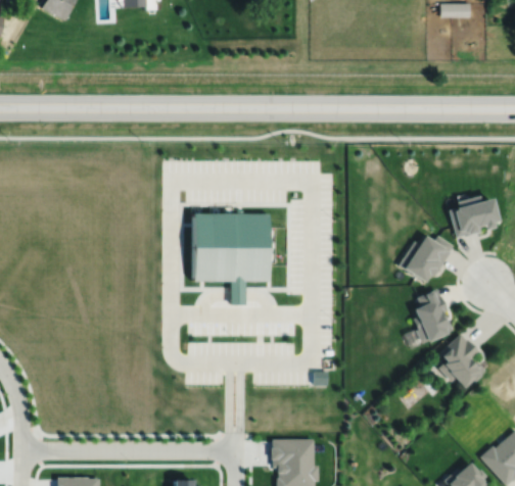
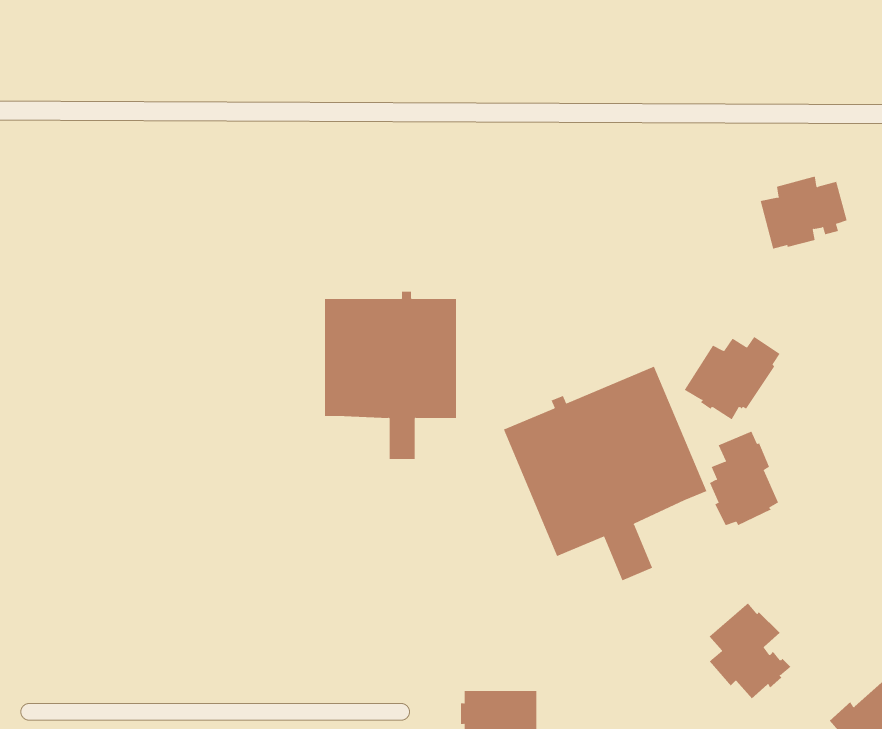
building: [450,196,500,238] -> [760,176,848,249]
building: none -> [503,366,707,581]
building: [439,335,486,390] -> [709,602,791,699]

